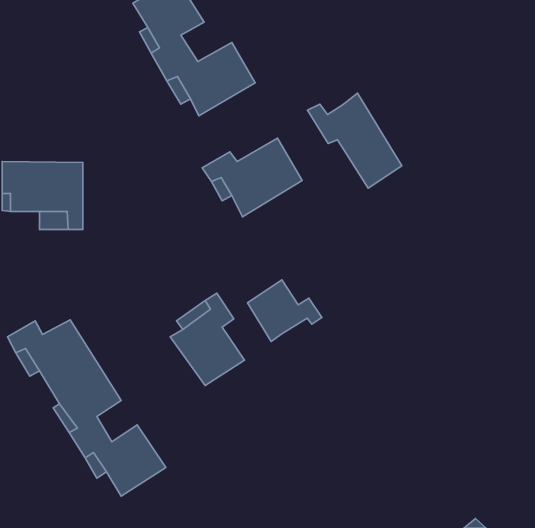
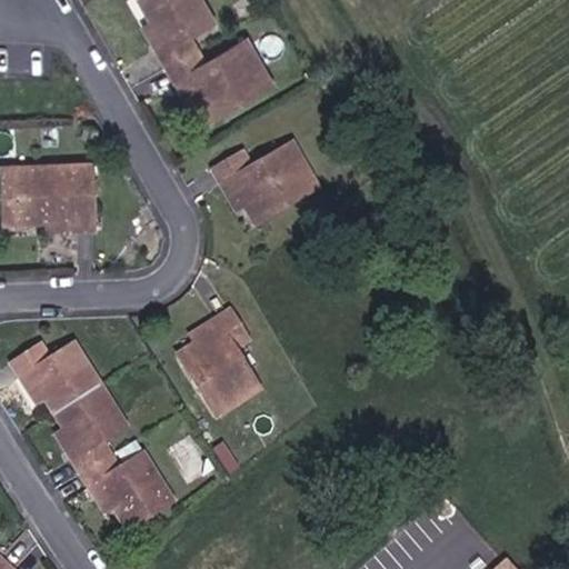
building: [308,93,402,188] -> none
building: [248,280,322,342] -> none

